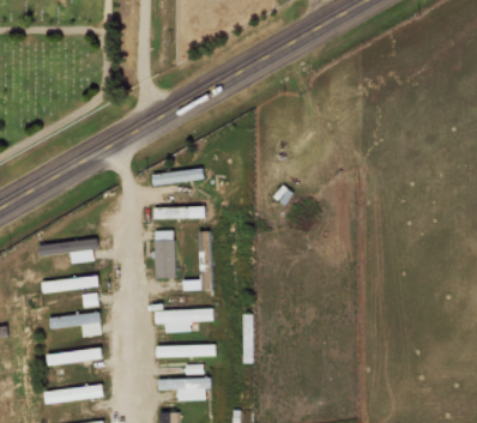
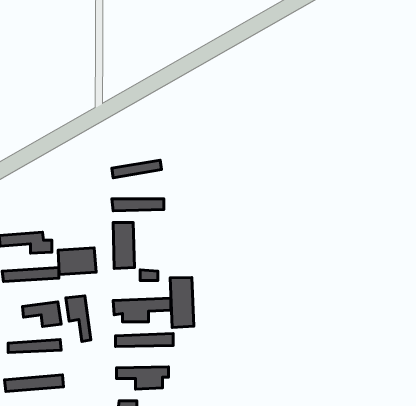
building: none -> [58,248,96,275]
building: none -> [170,278,194,328]
building: none -> [66,296,91,341]

